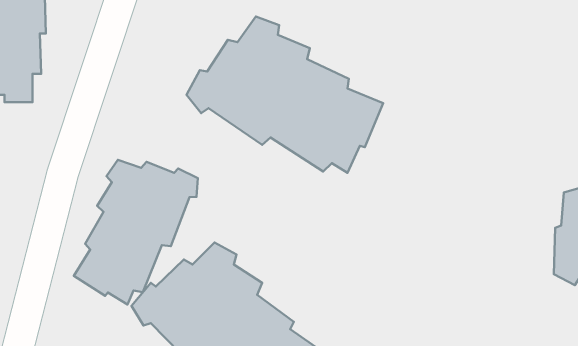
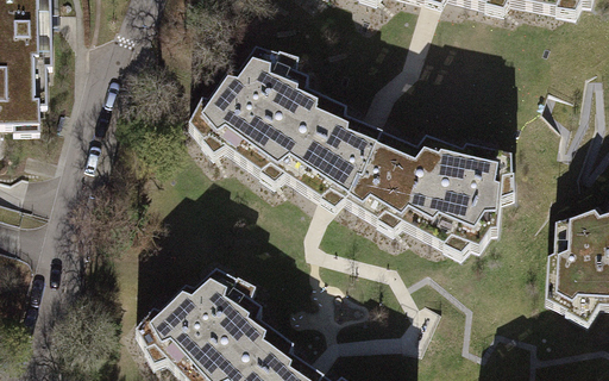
building: none -> [345,137,511,252]
building: [74,160,198,304] -> none

